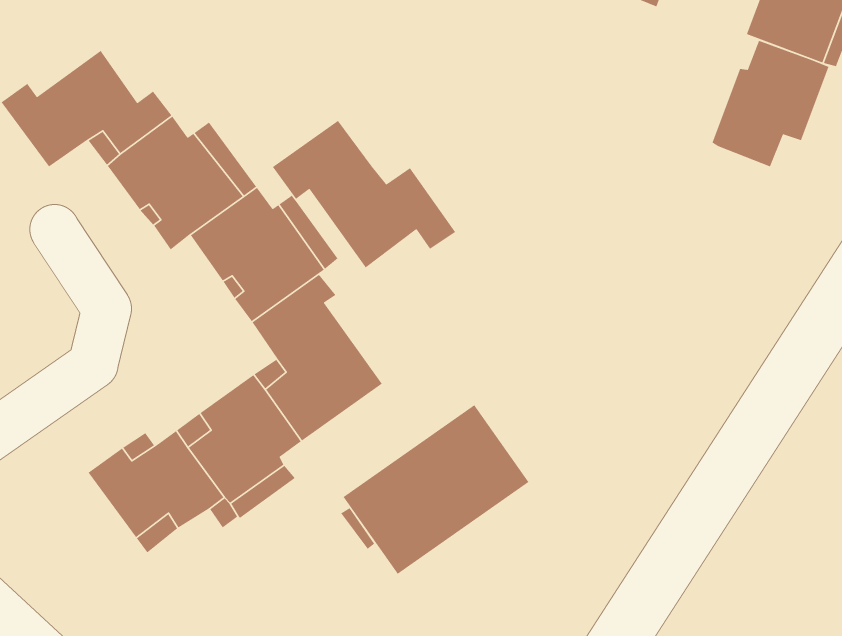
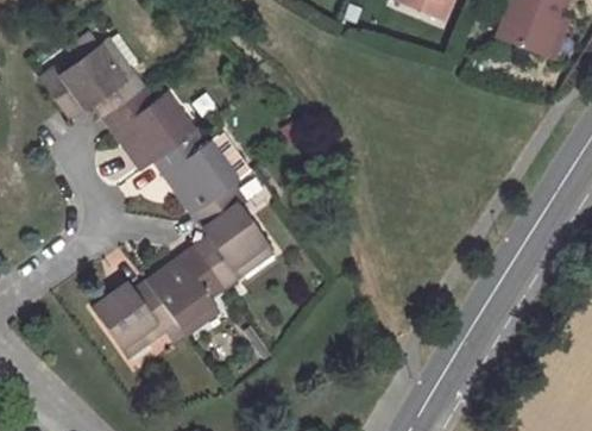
building: [711,40,829,167] -> none
building: [272,120,456,268] -> none
building: [343,404,529,575] -> none

